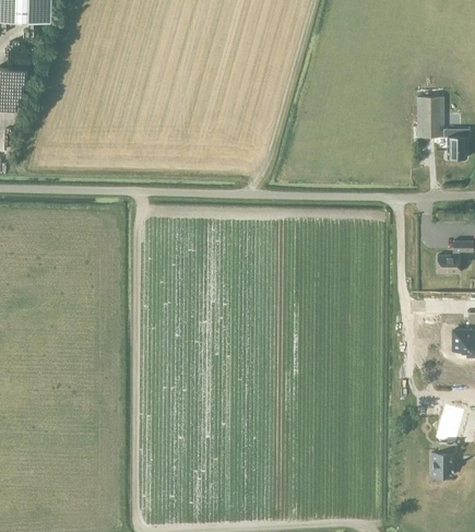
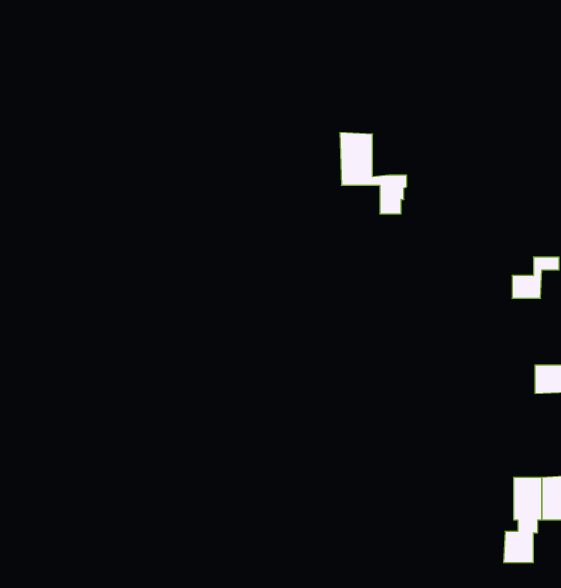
building: [417,96,468,158] -> [340,133,407,214]

